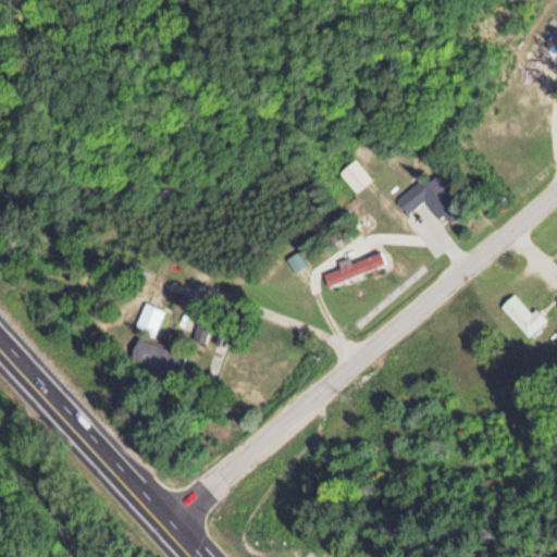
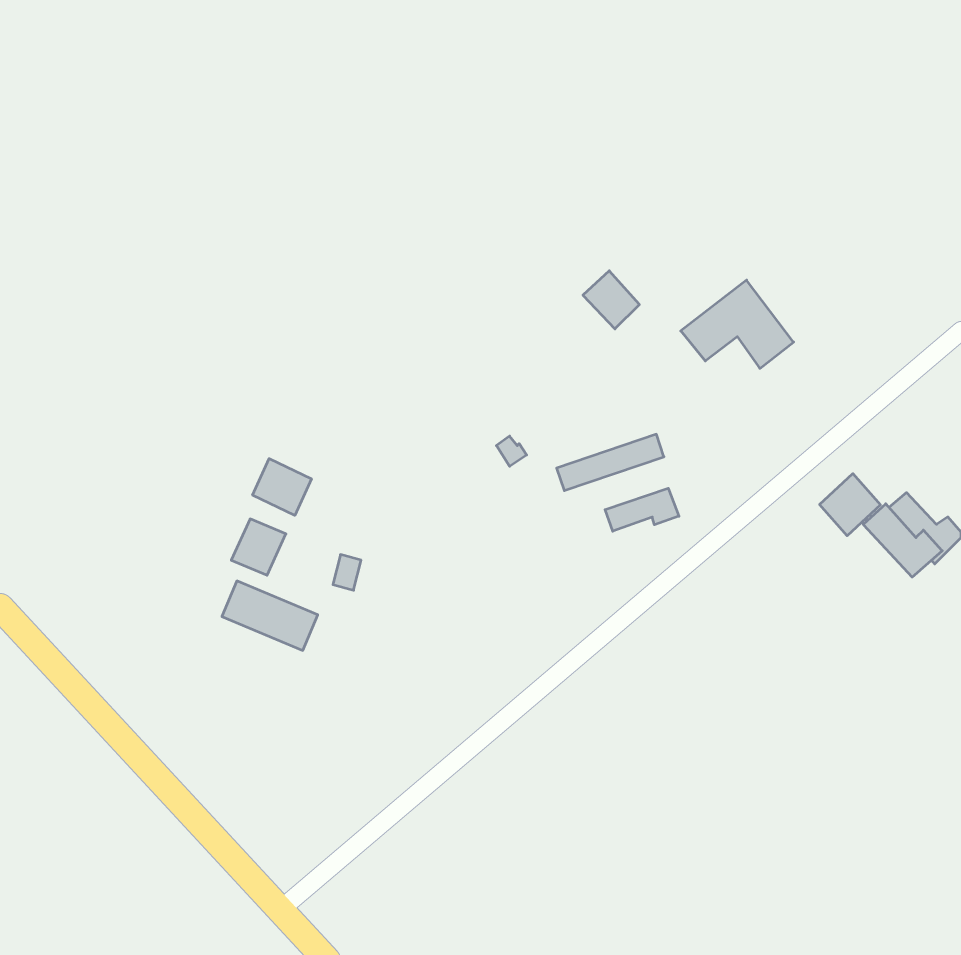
building: none -> [253,459,311,515]
building: none -> [820,474,880,536]
building: none -> [605,488,679,531]

